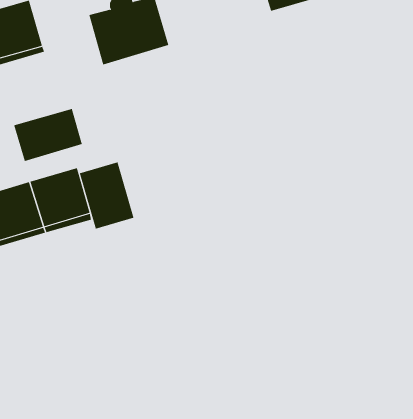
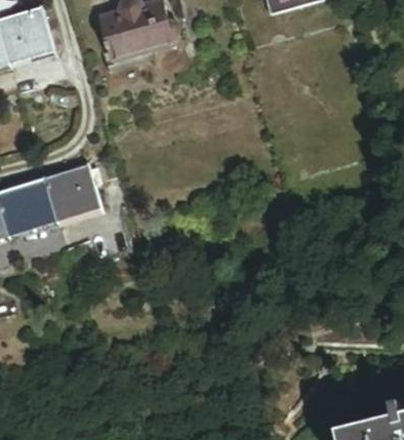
building: [14,108,83,162] -> none
building: [79,161,134,230] -> none

